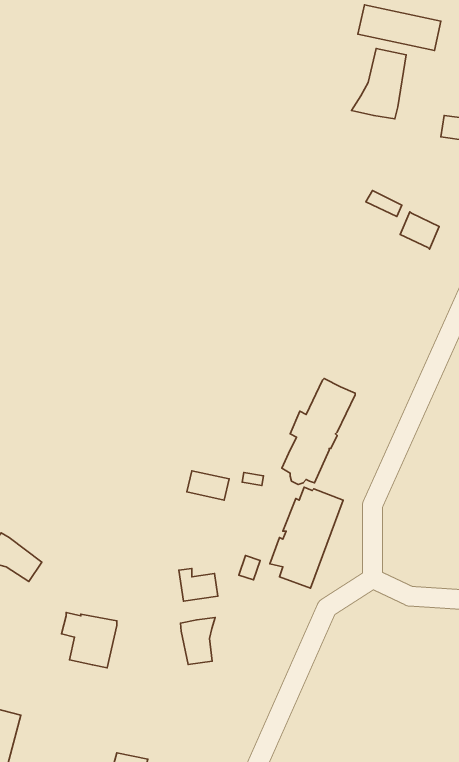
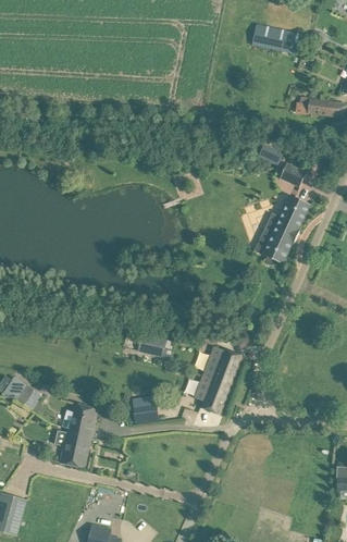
building: [352,48,406,119] -> none
building: [282,379,355,484] -> [261,193,310,263]
building: none -> [63,404,97,434]
building: [180,617,215,665] -> none

